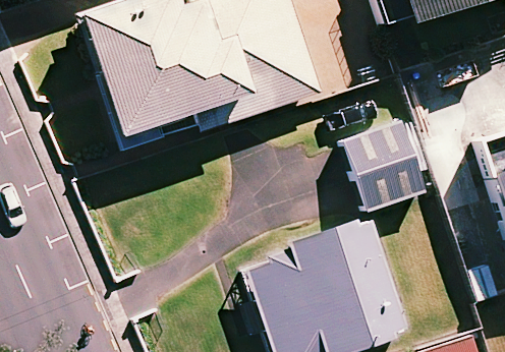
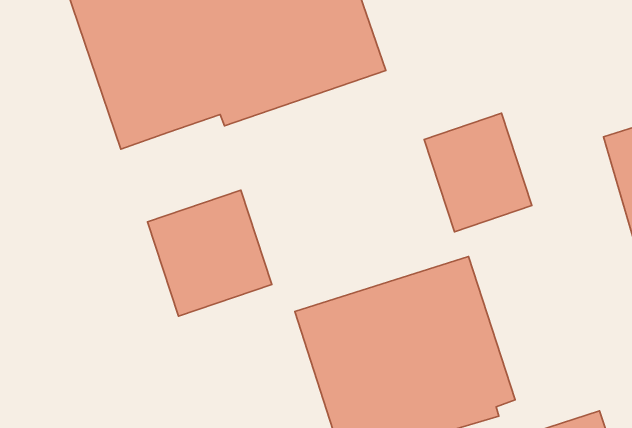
building: none -> [147,190,272,316]

